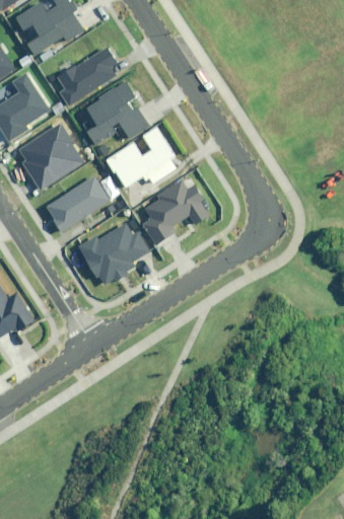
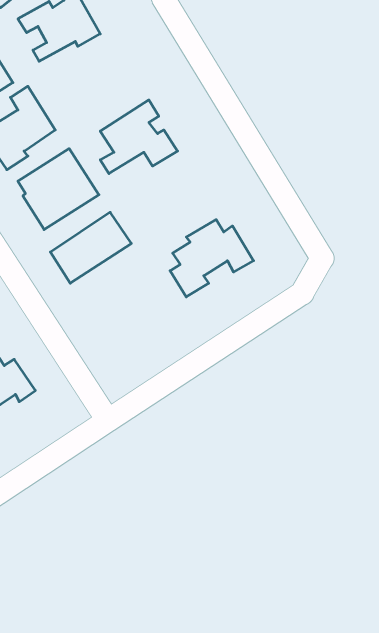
building: [57,48,116,104] -> none
building: [104,125,180,193] -> none
building: [77,224,148,283] -> none

